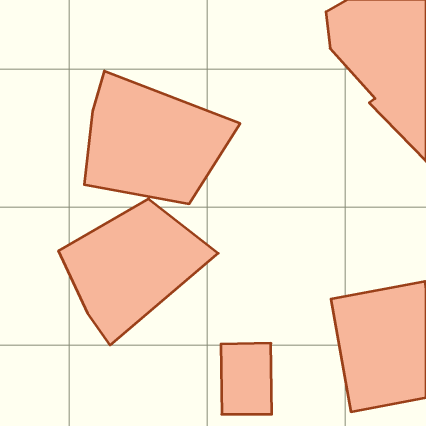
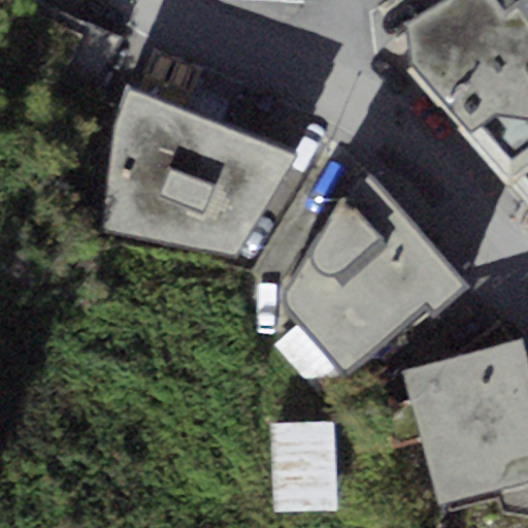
building: none -> [285,171,466,376]
building: [59,199,218,345] -> none

